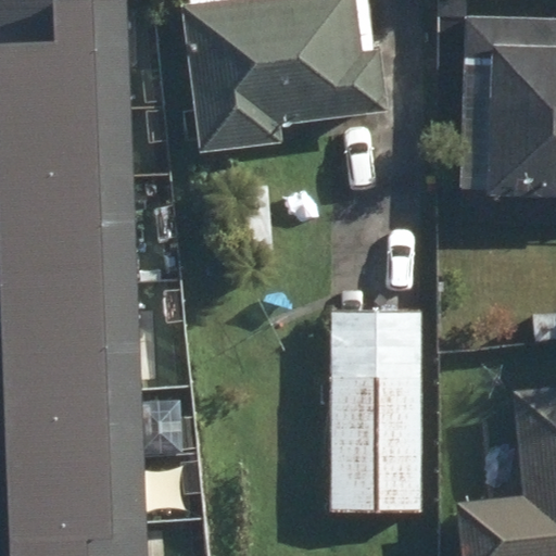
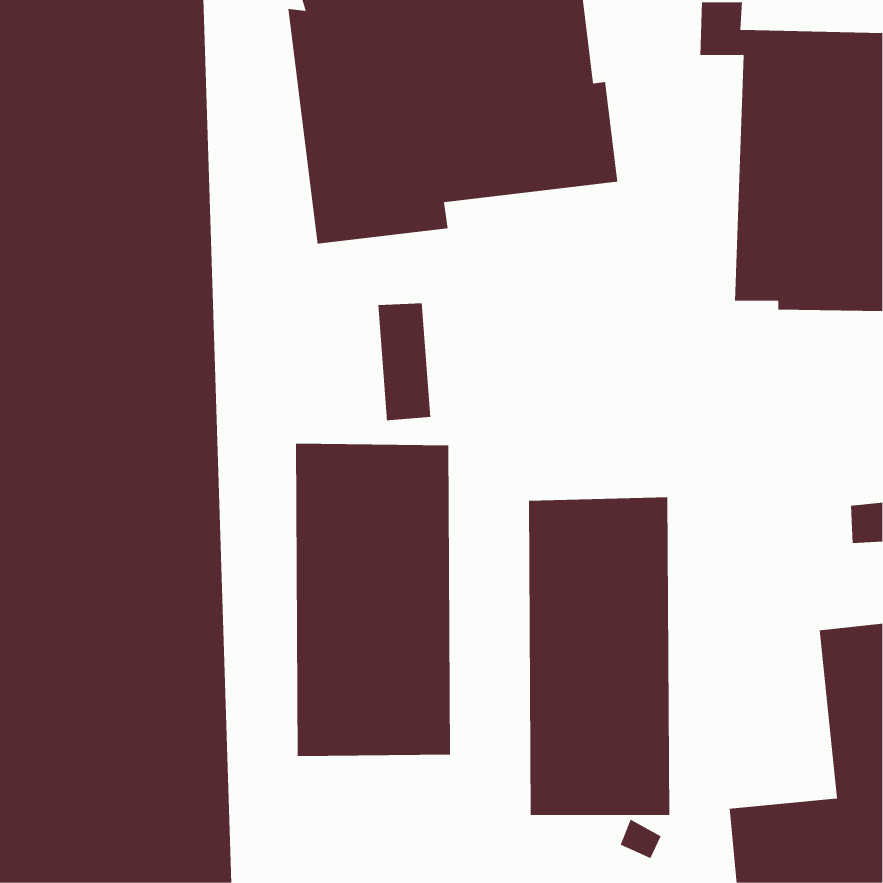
building: none -> [295,443,450,757]

